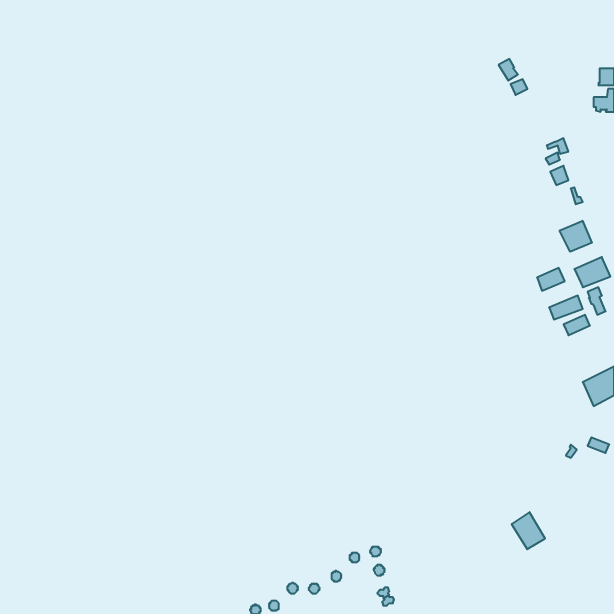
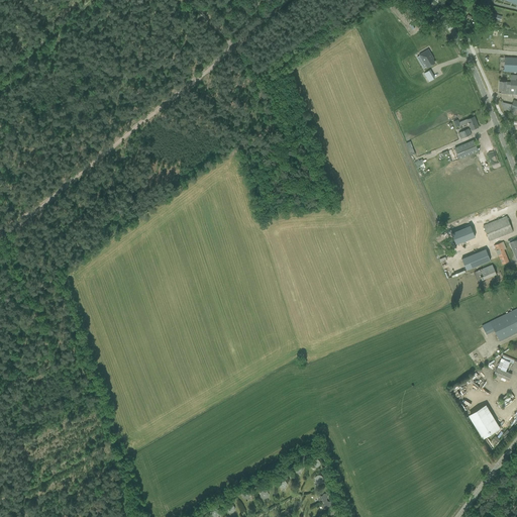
building: [560,221,592,252] -> none
building: [512,512,545,549] -> [470,407,498,438]

